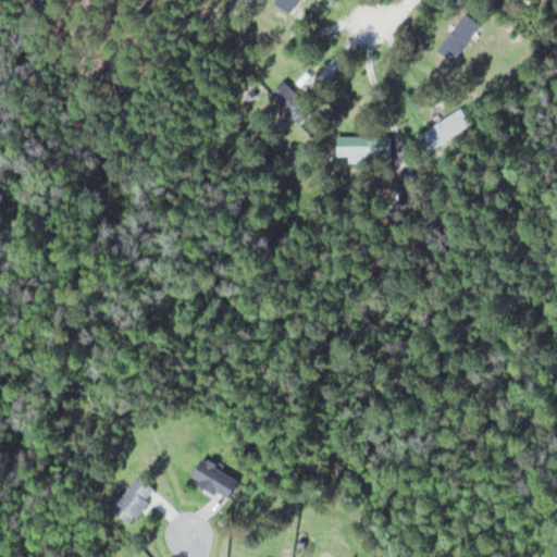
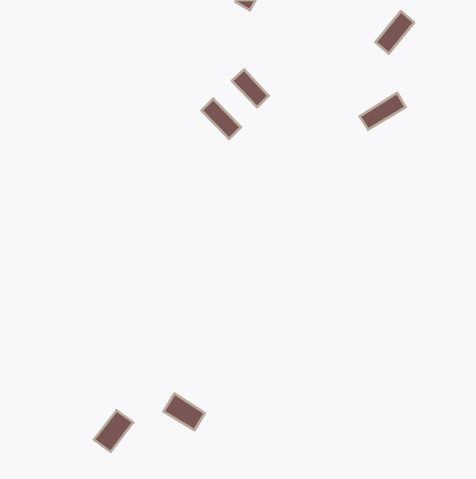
building: none -> [202,99,241,139]
building: [336,137,389,157] -> none

